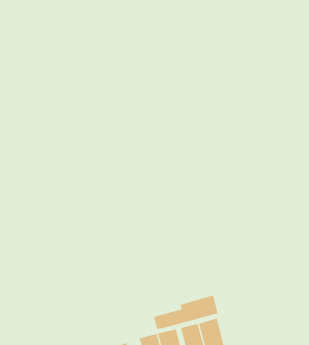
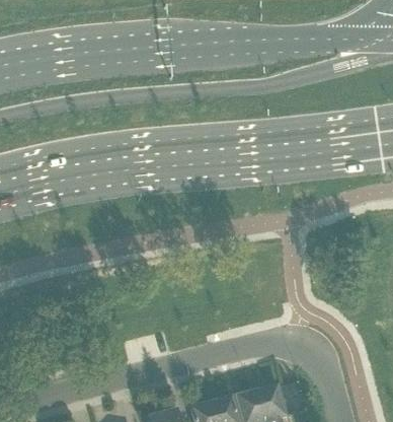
building: [153,295,218,330] -> none

